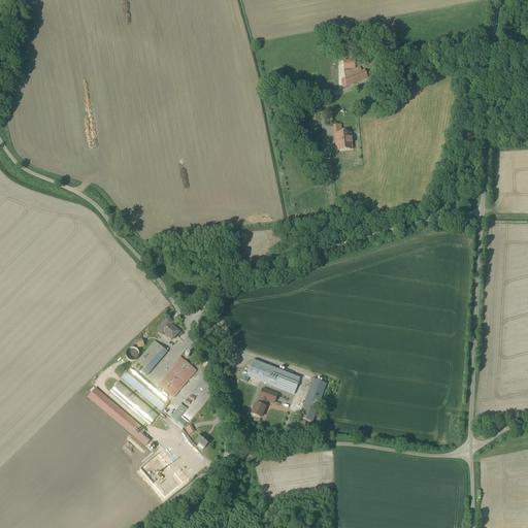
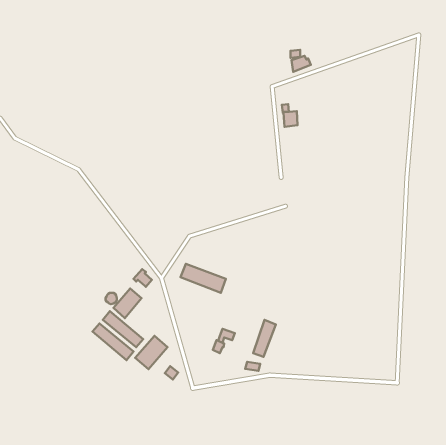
building: [157,357,195,396] -> [135,336,168,369]
building: [246,359,300,393] -> [181,264,226,293]

